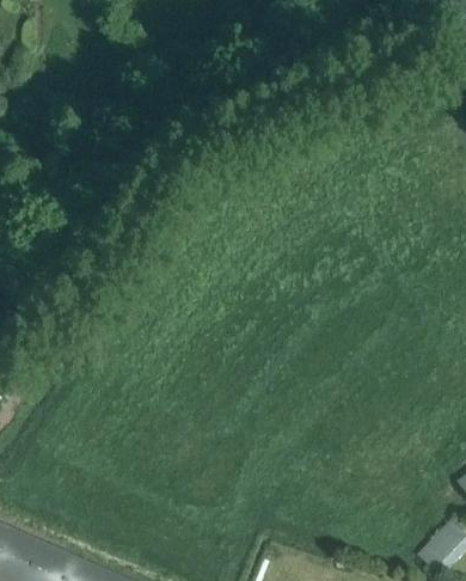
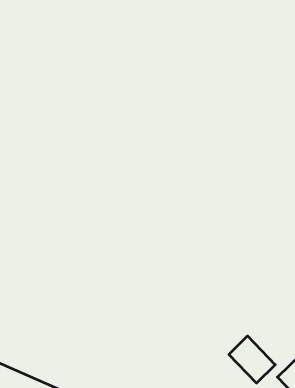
building: none -> [229,336,275,383]

